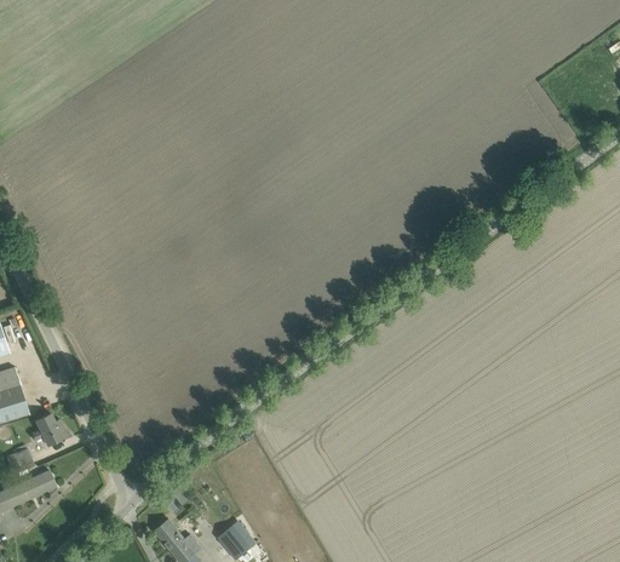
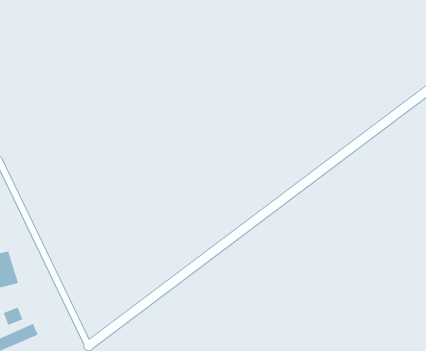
building: [33,413,68,445] -> none

